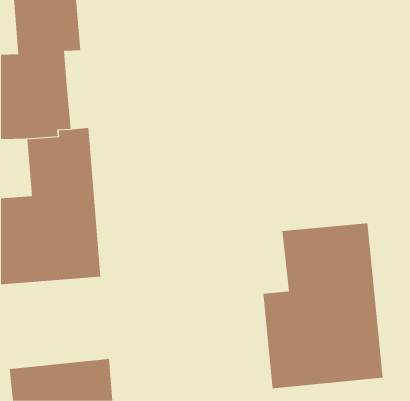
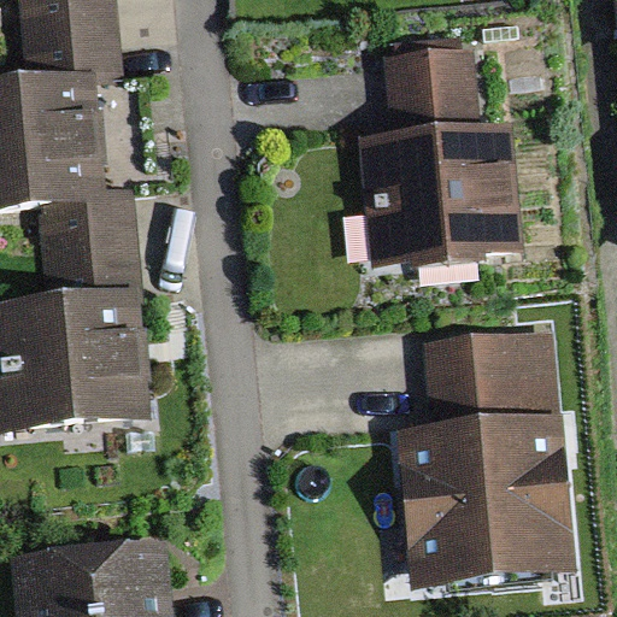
building: none -> [355,45,519,266]

